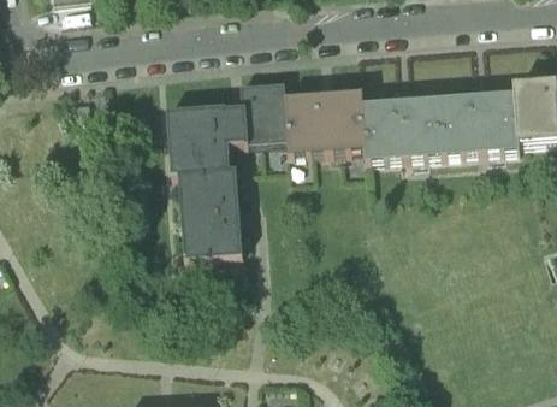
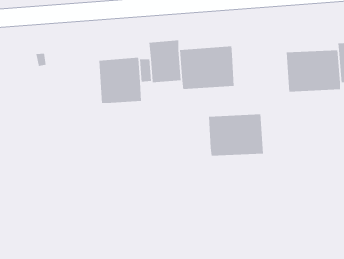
building: [362,102,443,164] -> [208,114,264,156]
building: [178,173,242,264] -> none

